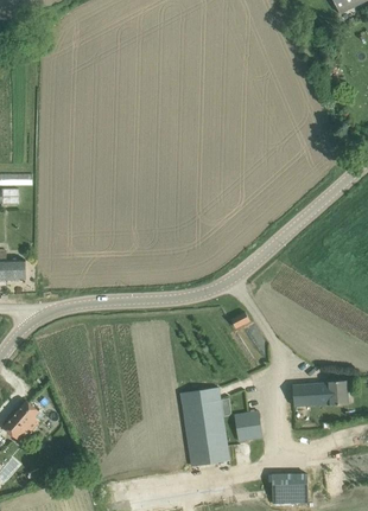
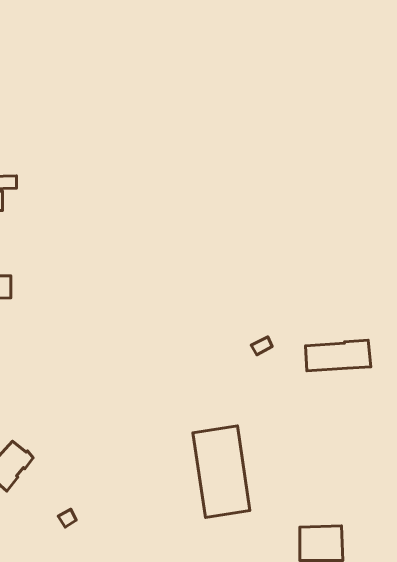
building: [292,381,348,407] -> [306,340,371,371]
building: [234,410,262,441] -> none

